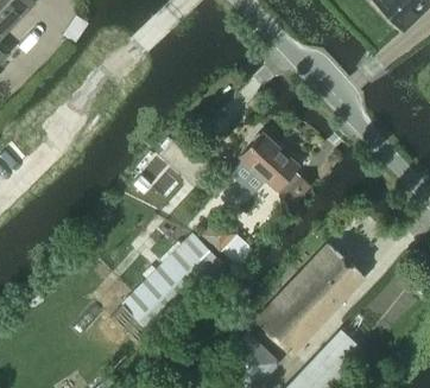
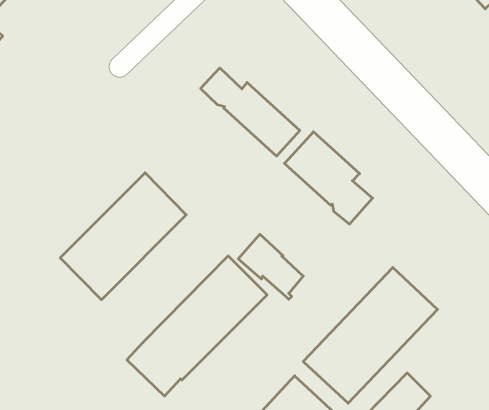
building: none -> [201,68,300,156]
building: none -> [60,173,186,300]

